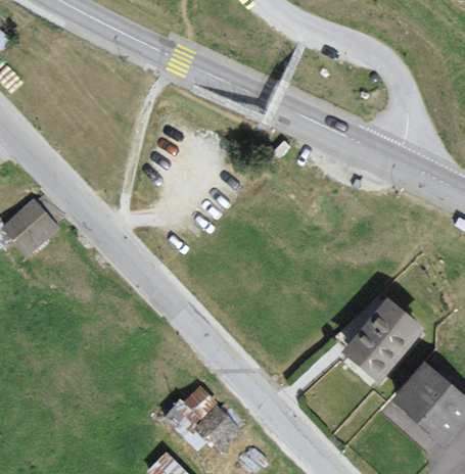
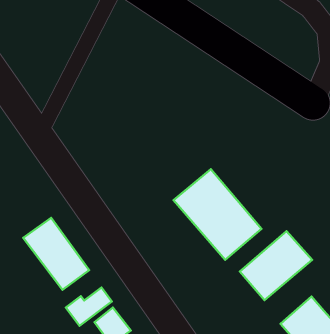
building: none -> [173,169,261,260]
building: none -> [23,218,89,290]

